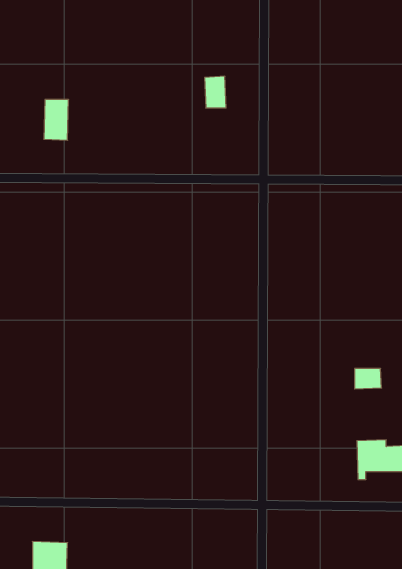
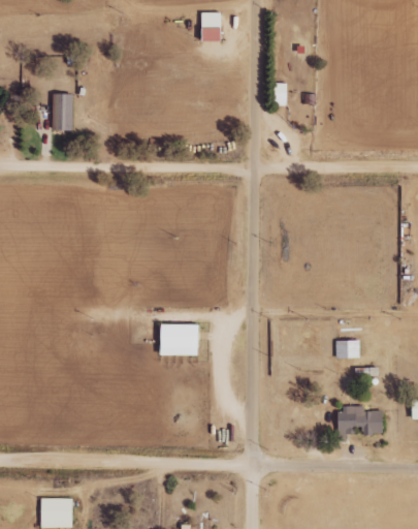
building: [205,76,226,108] -> [201,12,221,41]
building: none -> [161,323,199,355]

